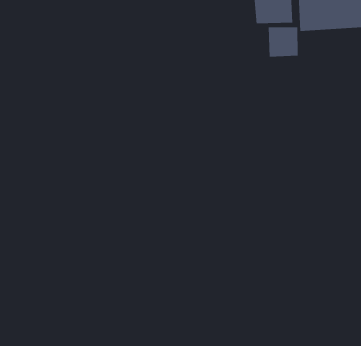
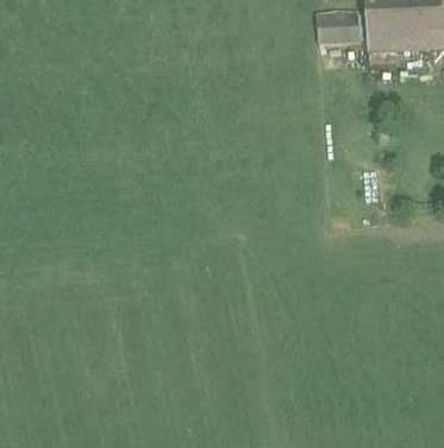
building: [268,27,298,57] -> none

